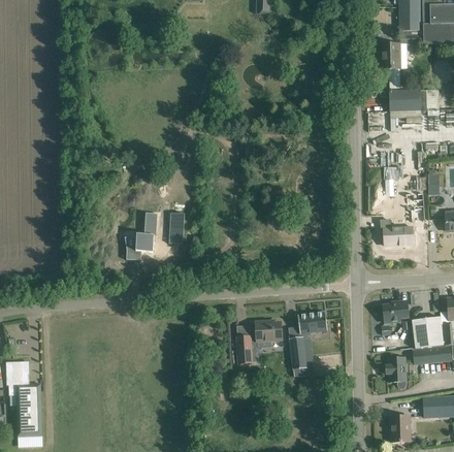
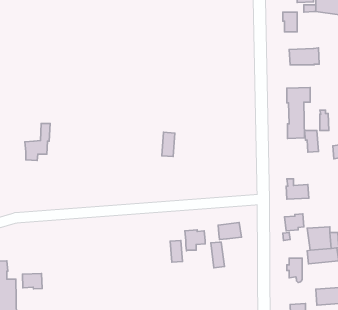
building: [168,213,185,244] -> [162,132,175,156]
building: [126,215,158,262] -> [25,123,50,161]
building: [384,219,413,245] -> [286,179,309,199]
building: none -> [22,273,42,289]

